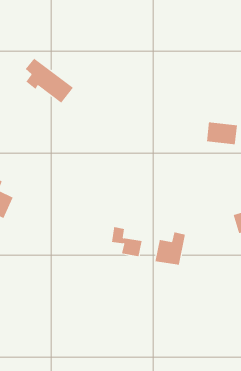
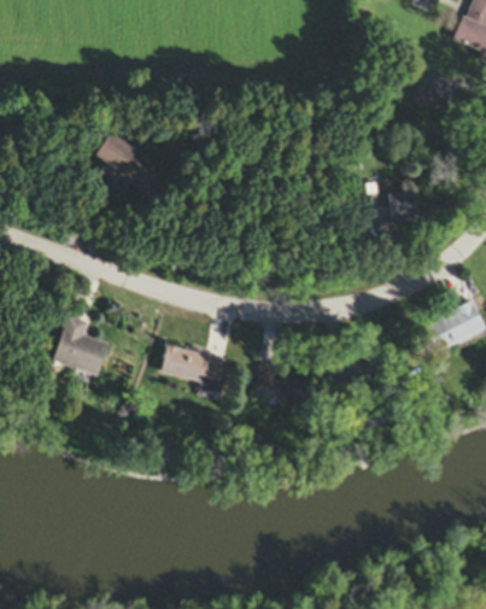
building: none -> [160,345,227,391]
building: [155,232,186,266] -> none

